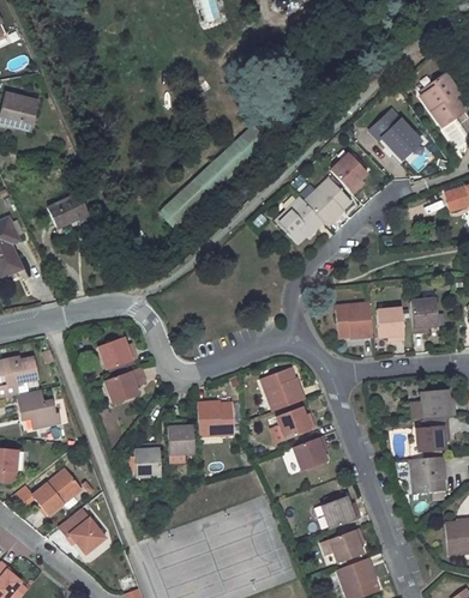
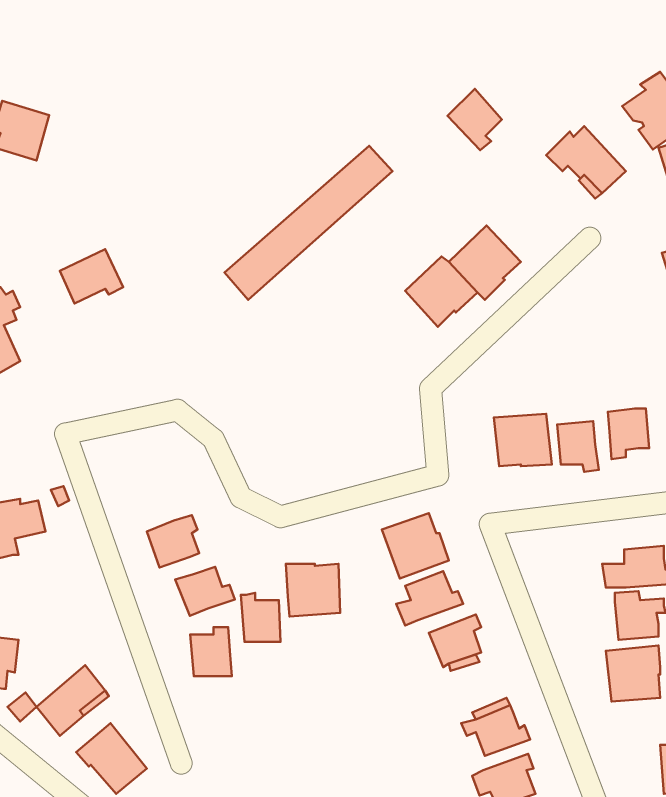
building: [331,152,367,193] -> [448,89,502,150]
building: [97,337,137,369] -> [175,567,235,616]
building: [16,391,62,427] -> none

